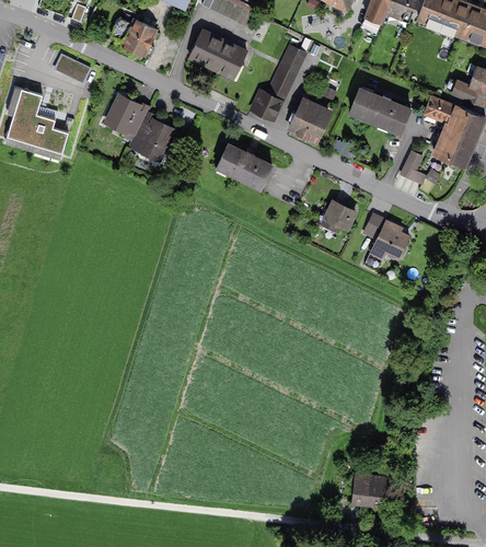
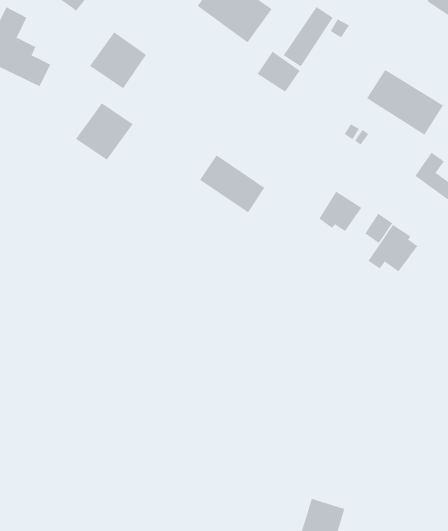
building: [287,98,335,148] -> none
building: [132,118,181,167] -> [75,102,133,160]
building: [217,143,275,189] -> [199,155,265,213]

